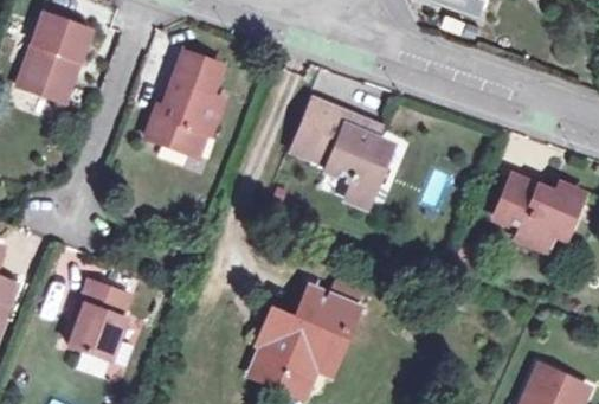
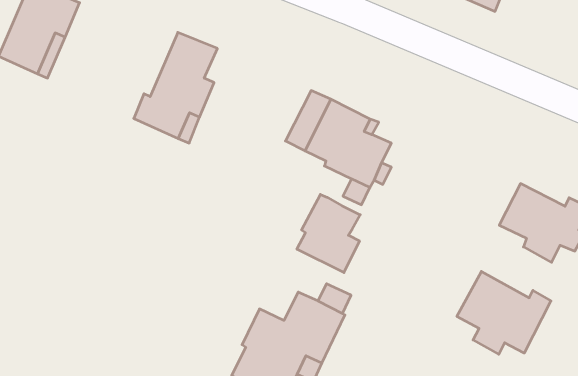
building: none -> [297,194,360,273]
building: none -> [457,271,551,354]
building: [69,280,128,361] -> none

